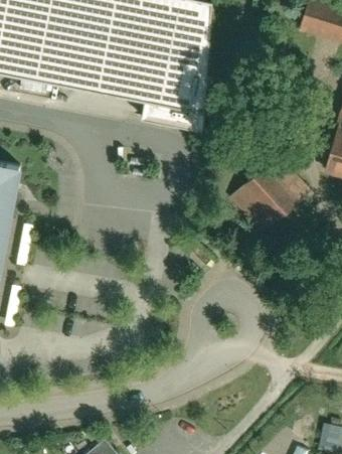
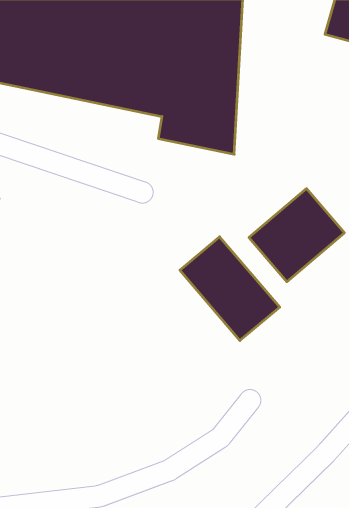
building: none -> [180,237,280,341]

